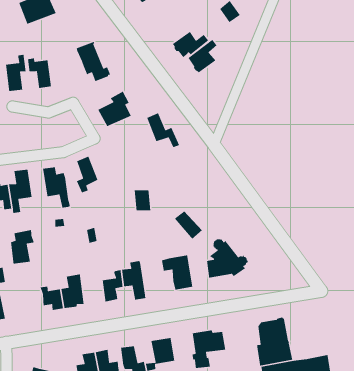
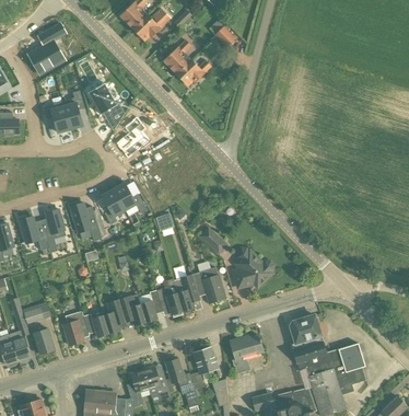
building: [187,39,217,74] -> [164,41,191,74]
building: [5,54,27,92] -> [63,92,84,129]
building: [146,112,180,148] -> [113,182,148,213]
building: [10,229,35,265] -> [63,311,86,346]
building: none -> [174,274,199,311]
building: none -> [119,294,145,327]

